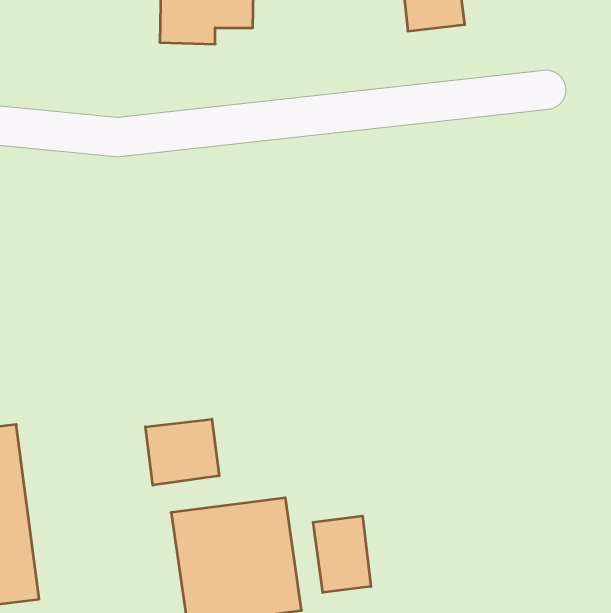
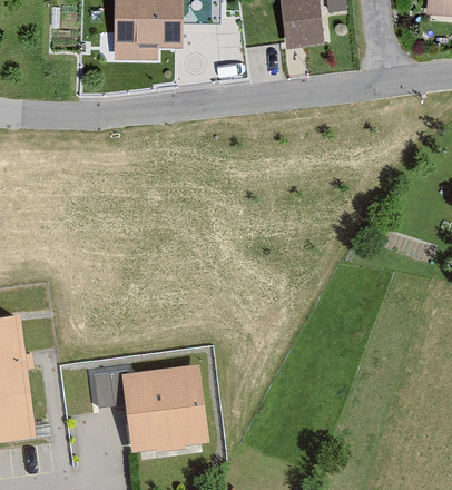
building: [145,419,219,485] -> none
building: [313,516,371,593] -> none

